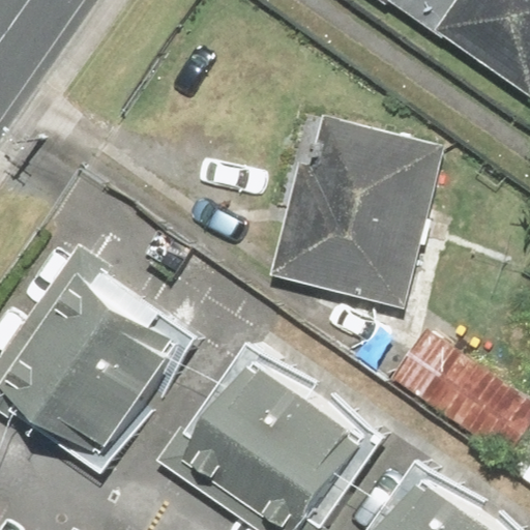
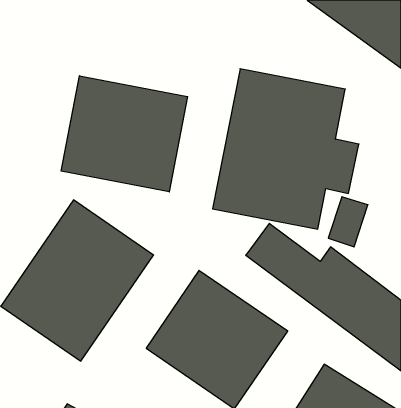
building: none -> [61,76,188,192]

